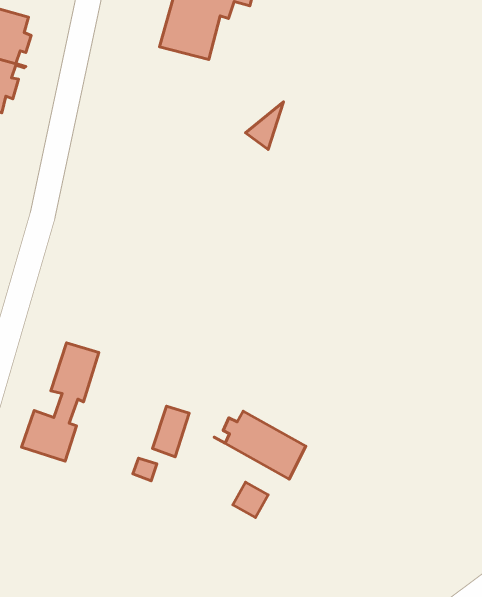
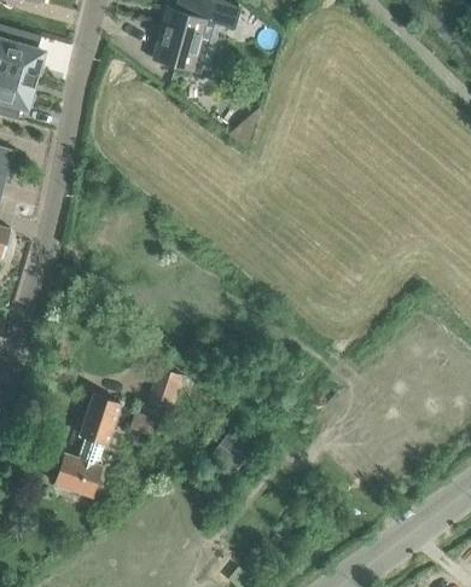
building: [21,343,99,461] -> [53,395,120,496]
building: [214,411,306,479] -> none

